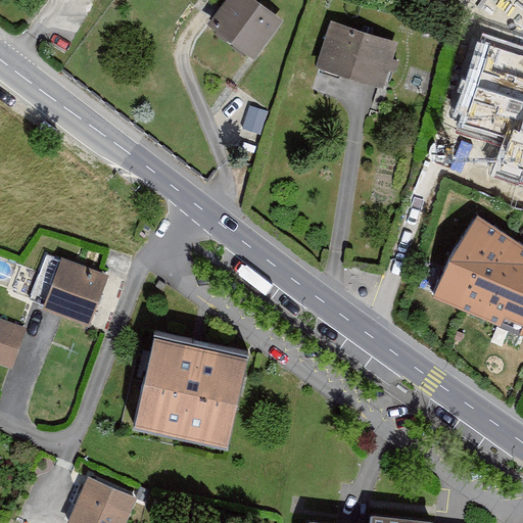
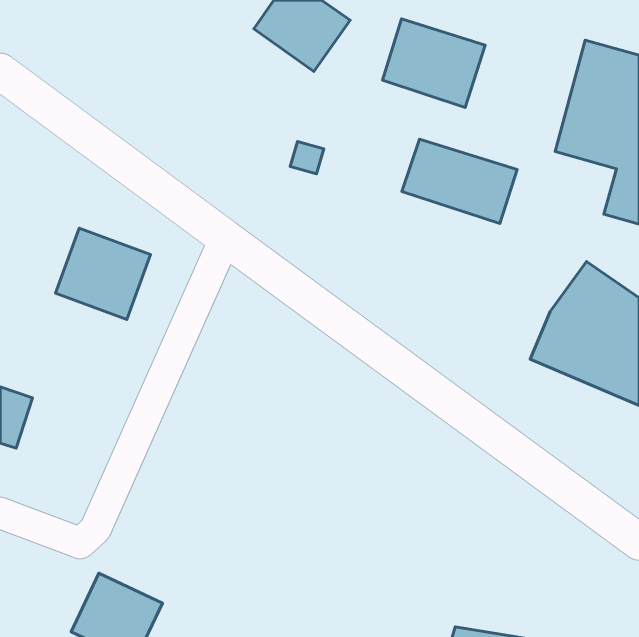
building: none -> [402,139,517,223]
building: [33,252,110,327] -> [55,228,150,320]
building: [130,330,252,450] -> none

